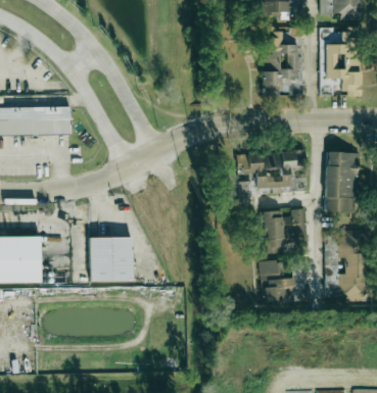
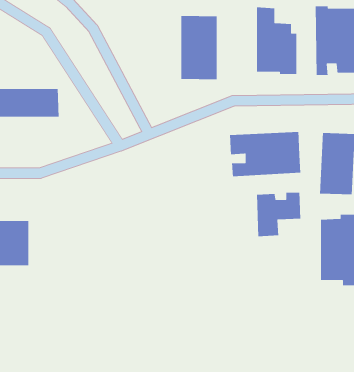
building: none -> [181,15,218,80]
building: [88,238,133,281] -> none
building: [261,260,295,302] -> none

